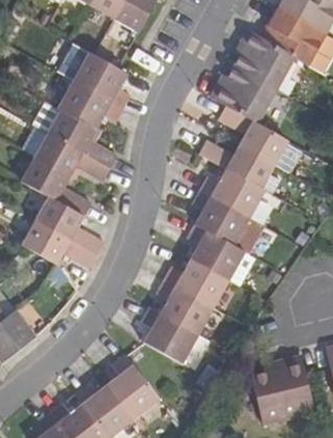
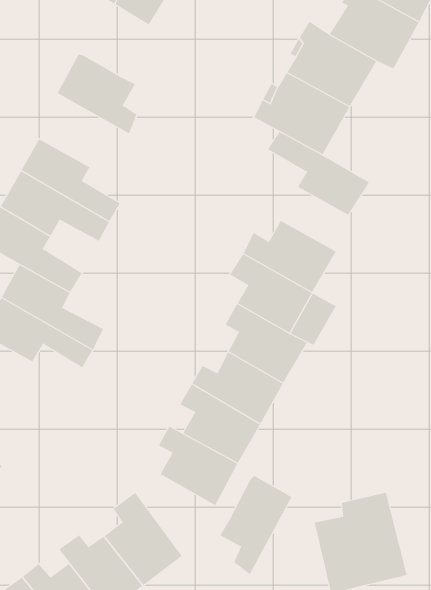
building: [57,80,123,131] -> none
building: [200,140,274,187] -> none
building: none -> [220,475,292,575]

